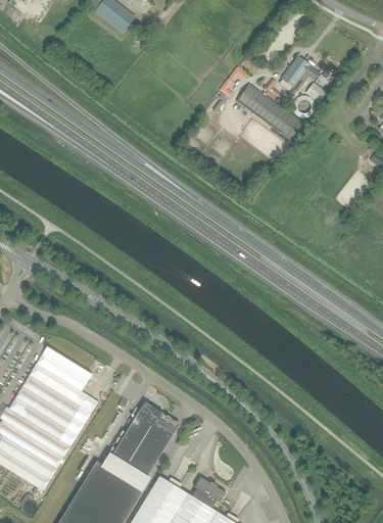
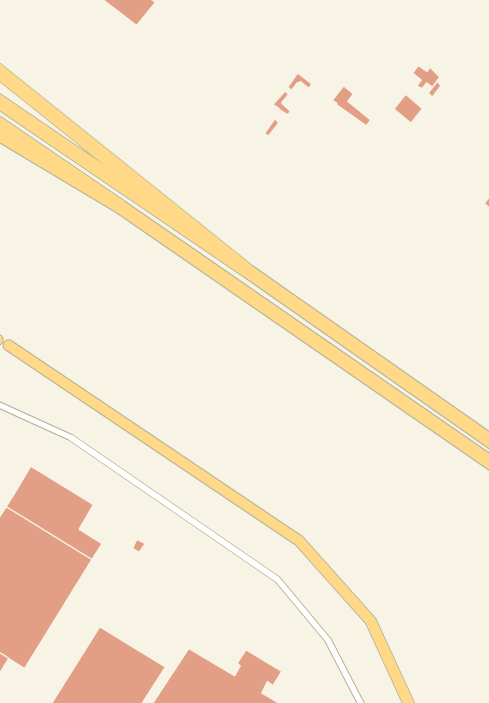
building: [281,55,320,91] -> none
building: [237,83,303,140] -> none
building: [111,402,179,477] -> none

